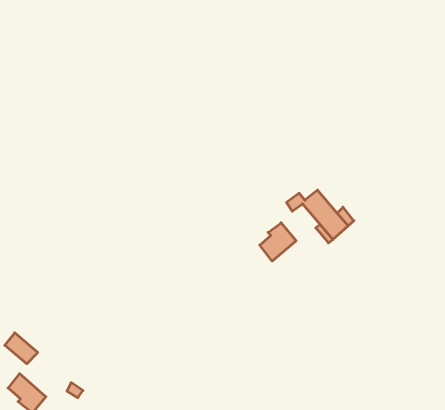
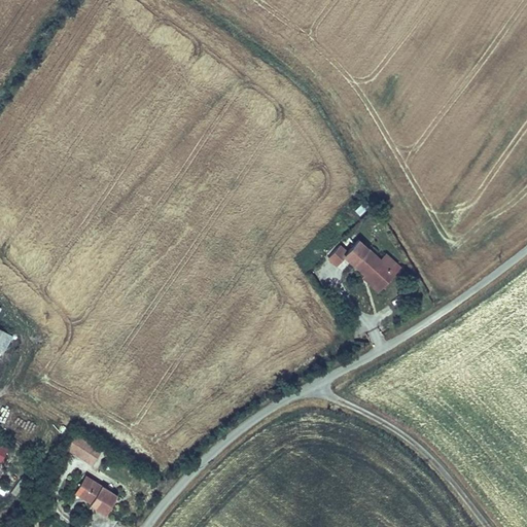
building: [260,223,296,261] -> none

